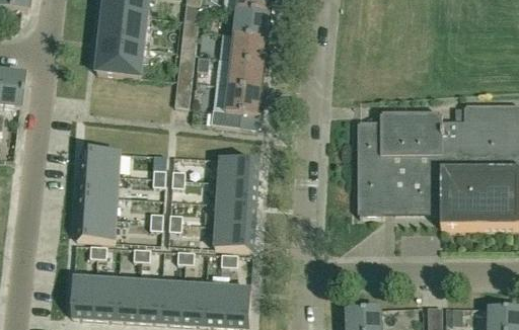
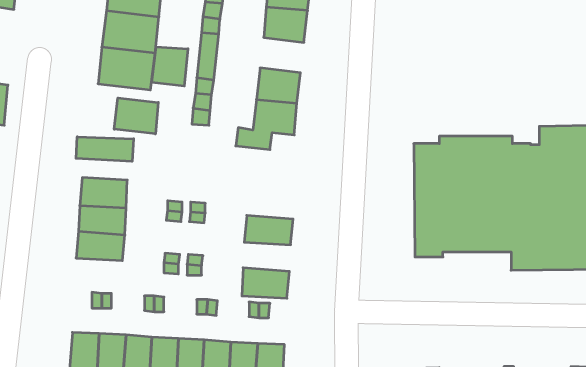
building: [230,31,267,61] -> none
building: none -> [152,47,188,86]
building: none -> [114,98,158,134]
building: none -> [76,137,134,161]
building: [219,157,258,182] -> none
building: [216,201,255,226] -> none
building: [76,215,116,240] -> none

